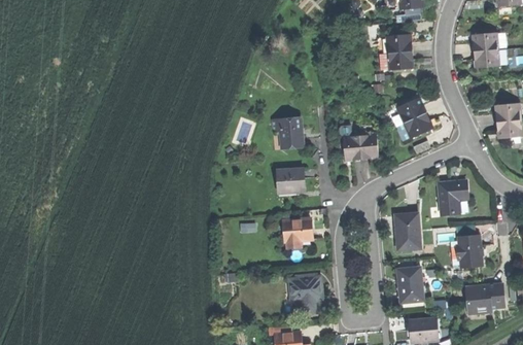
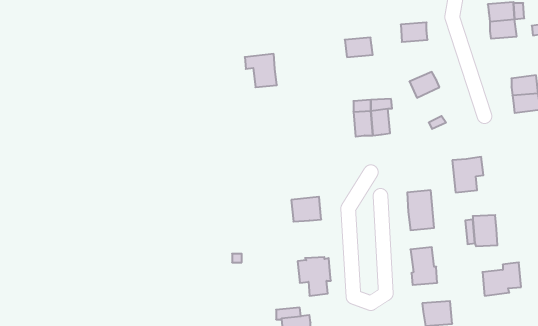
building: [386,35,413,54] -> [345,38,373,57]
building: [404,113,432,138] -> none
building: [271,118,302,150] -> [245,54,277,87]
building: [276,168,305,194] -> none

